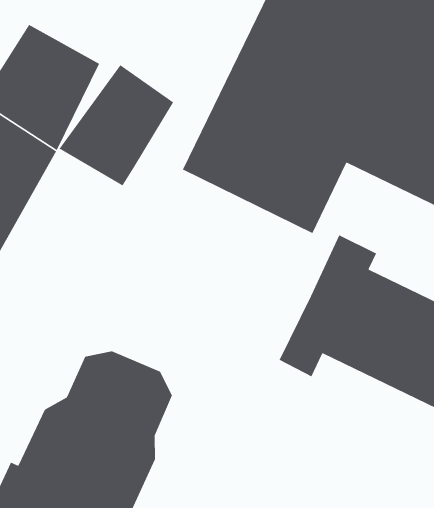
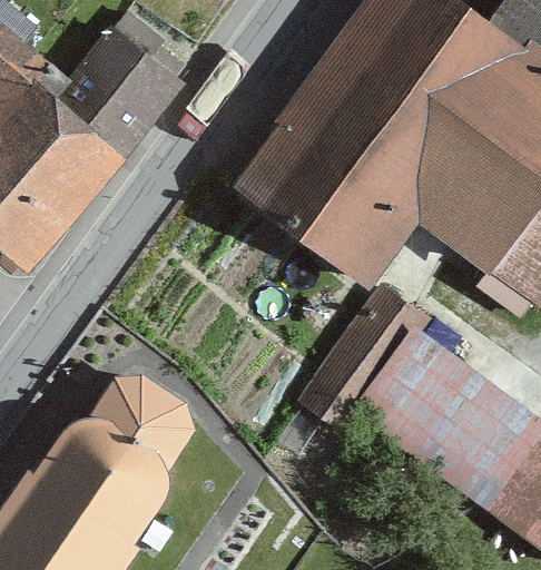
building: [58,64,174,187] -> none

